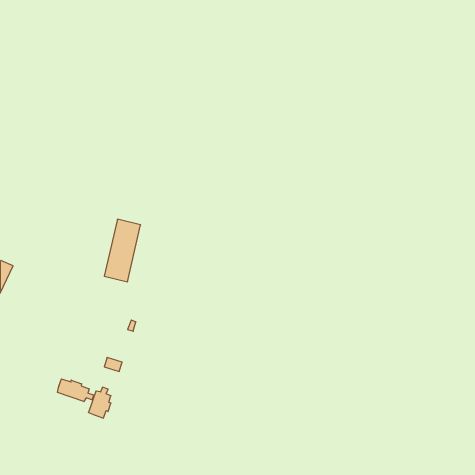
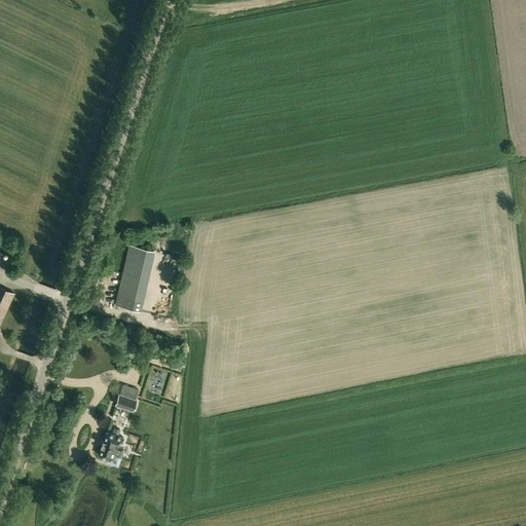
building: [57,379,94,402] -> none

